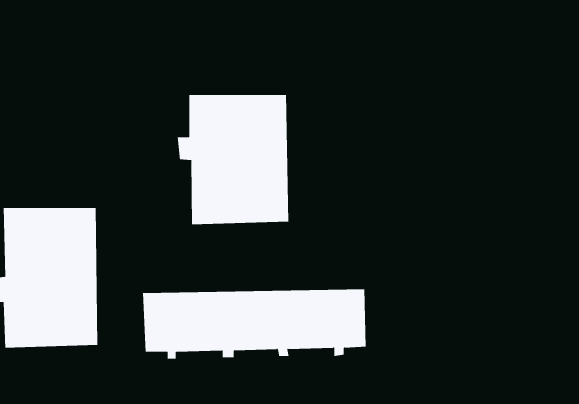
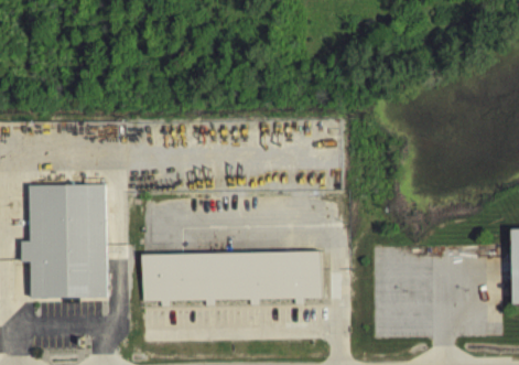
building: [177,94,289,225] -> none

